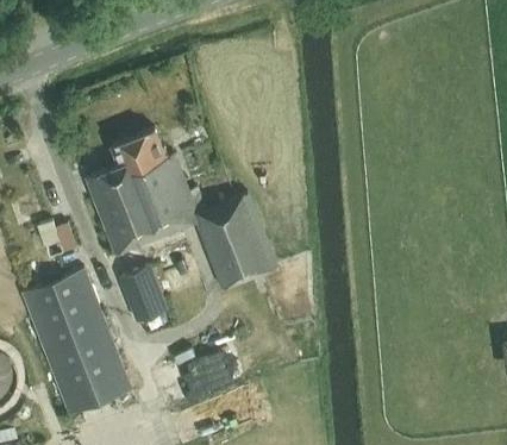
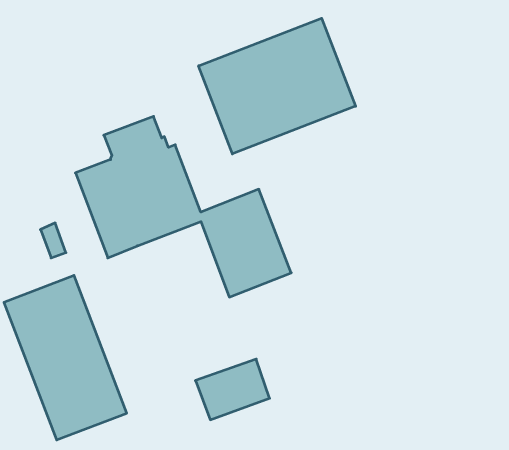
building: none -> [199,18,356,154]
building: [120,269,164,315] -> none

